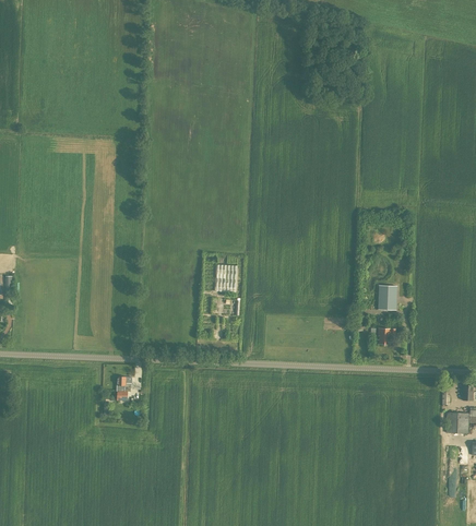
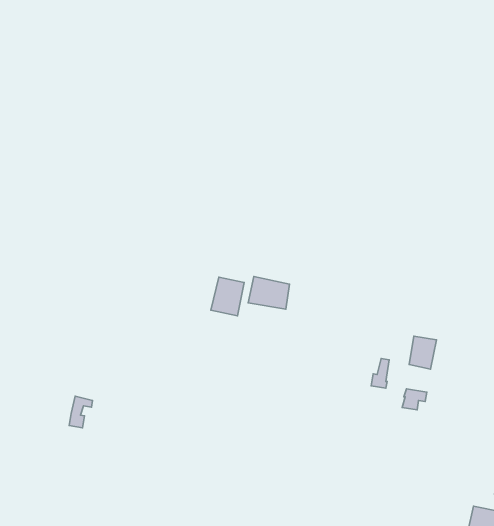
building: none -> [248,276,289,309]

